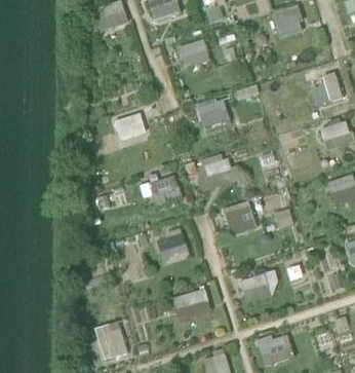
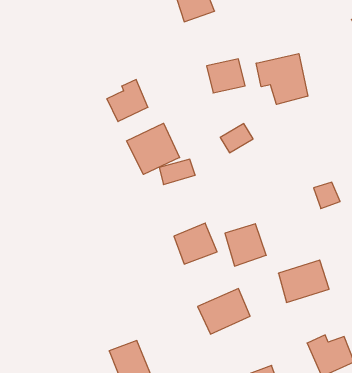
building: none -> [256,54,308,104]
building: none -> [127,123,180,174]
building: [225,203,257,236] -> [225,224,266,266]

